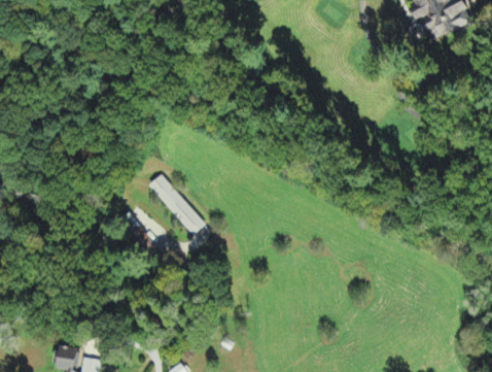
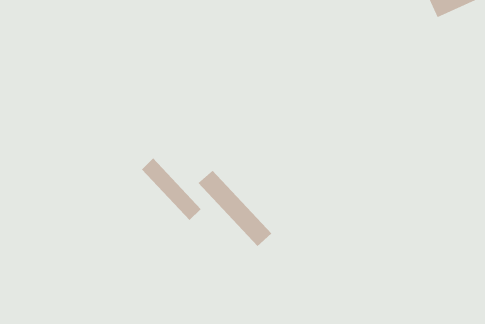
building: none -> [198,170,272,247]

